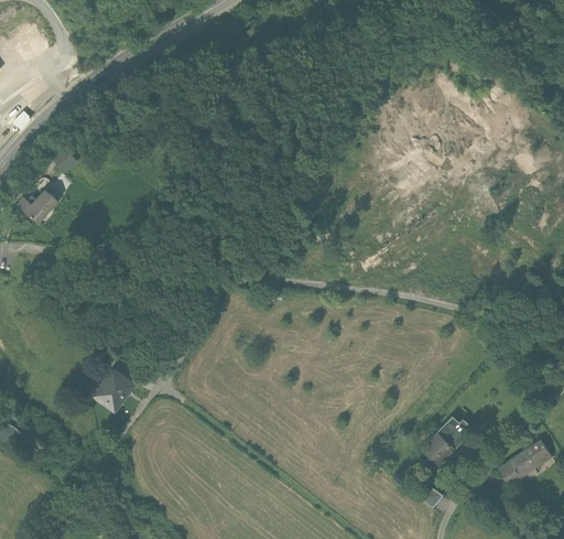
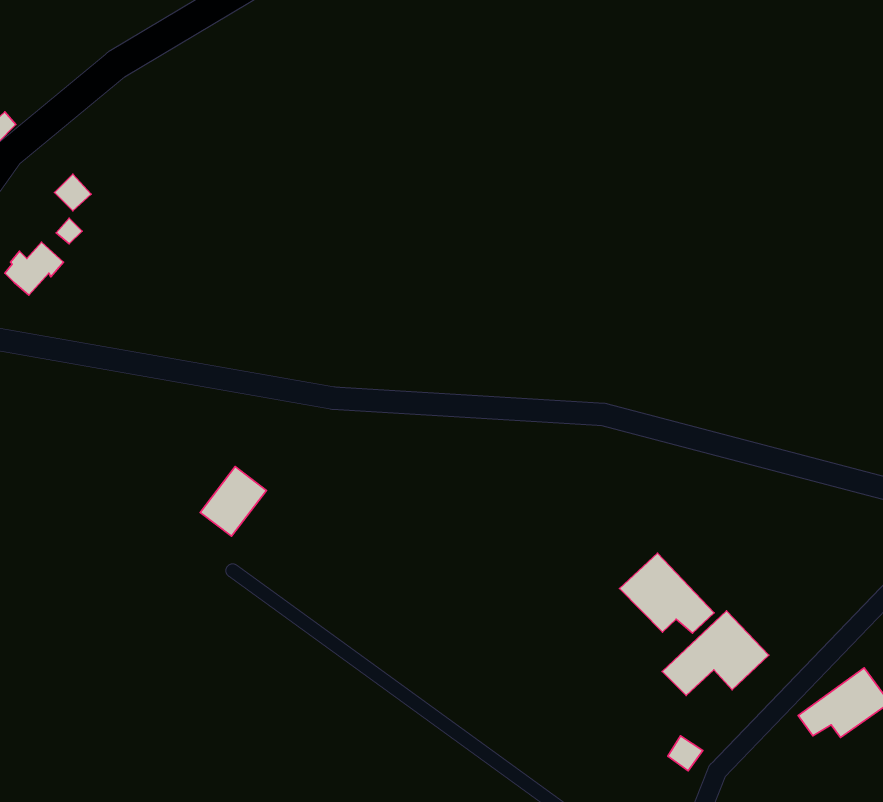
building: [94,368,133,410] -> [200,466,266,536]
building: none -> [620,553,714,633]

